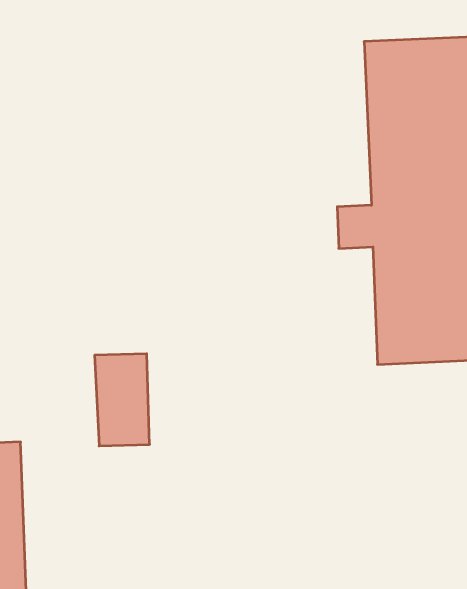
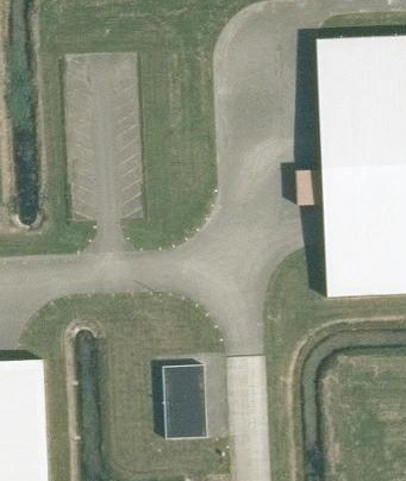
building: [95,354,150,446] -> [163,364,207,438]

